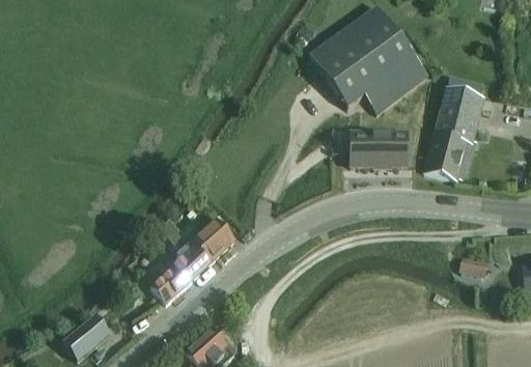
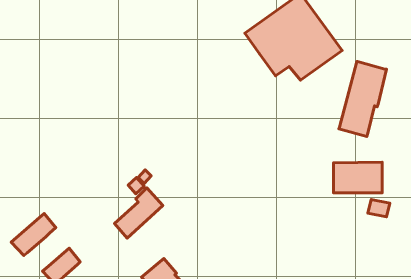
building: [350,129,409,166] -> [334,162,382,193]
building: [192,218,236,262] -> none
building: none -> [11,213,56,256]

